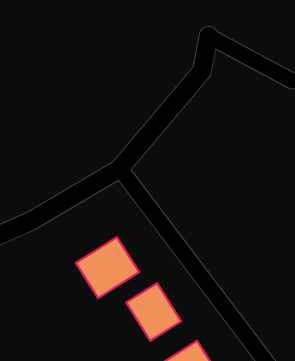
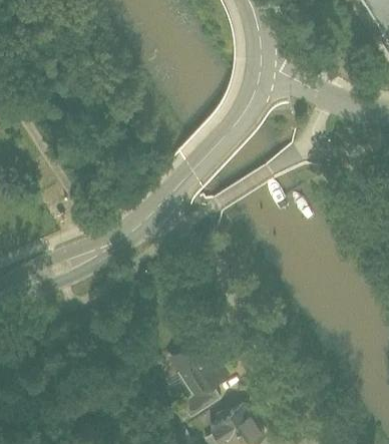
building: [76,237,139,298] -> none

